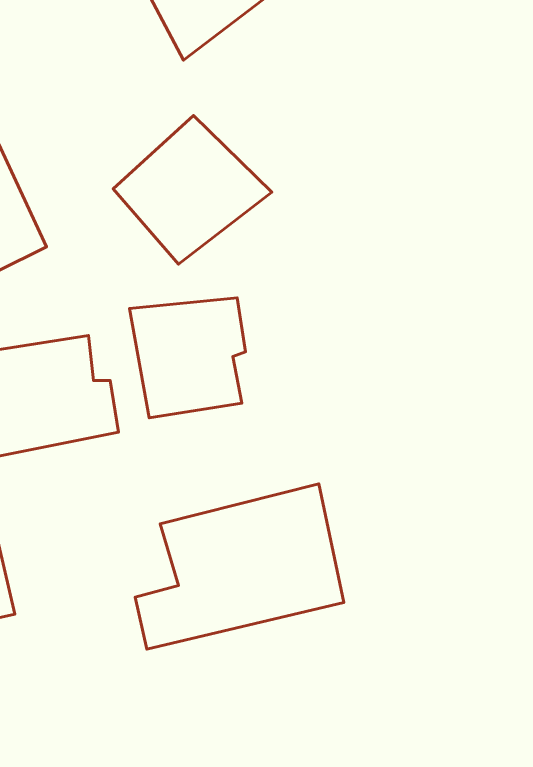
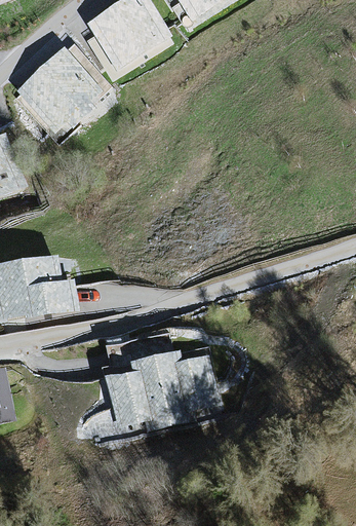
building: [113,116,272,264] -> [16,47,114,139]
building: [130,298,245,418] -> none

